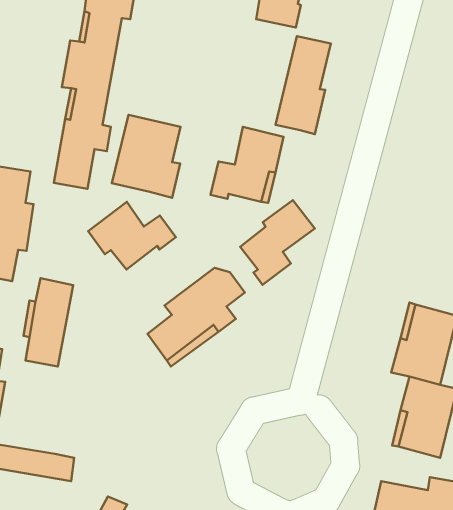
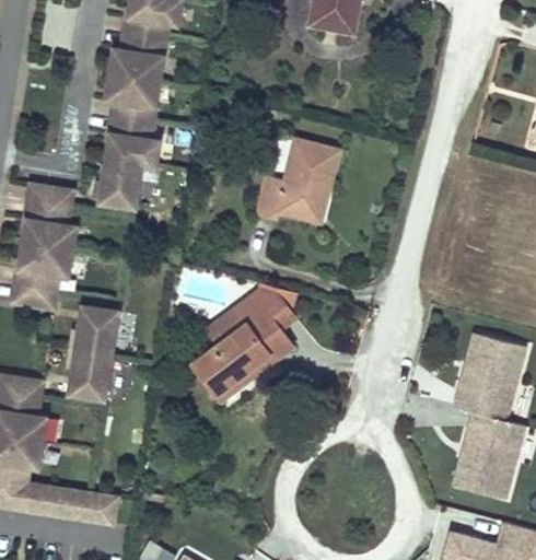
building: [275,36,331,134] -> none
building: [112,115,180,198] -> none
building: [240,200,315,285] -> none
building: [88,202,176,269] -> none

